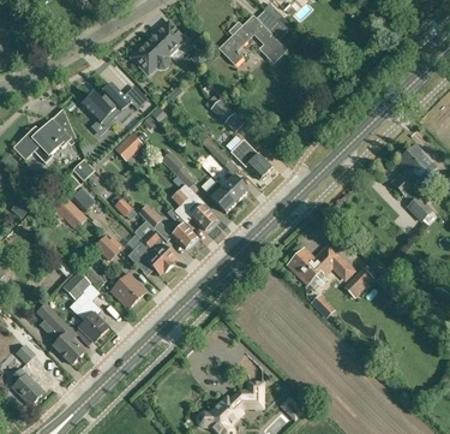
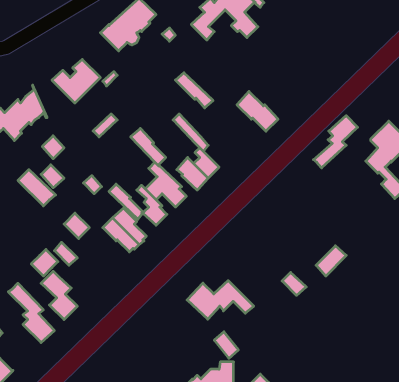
building: none -> [313,116,358,168]
building: [230,139,271,179] -> [237,91,278,131]
building: [287,245,353,284] -> [187,281,254,319]
building: [110,273,145,308] -> none

